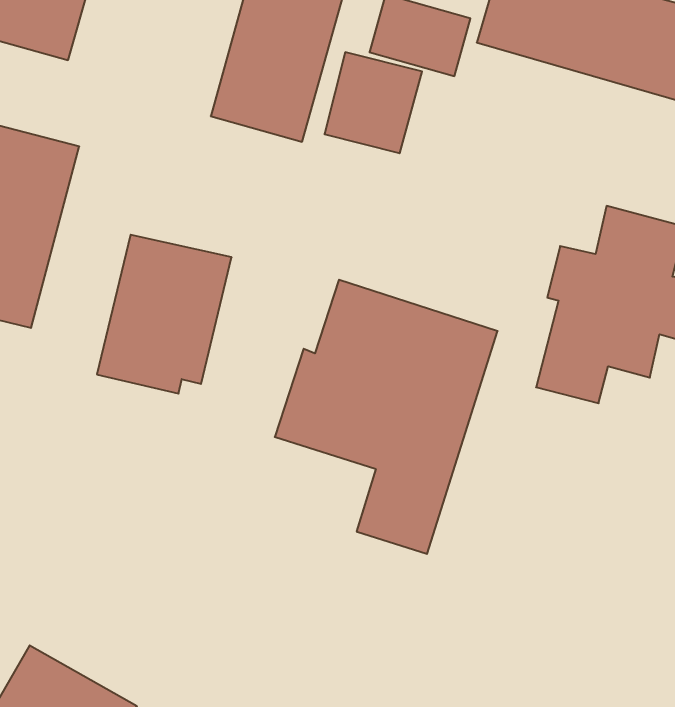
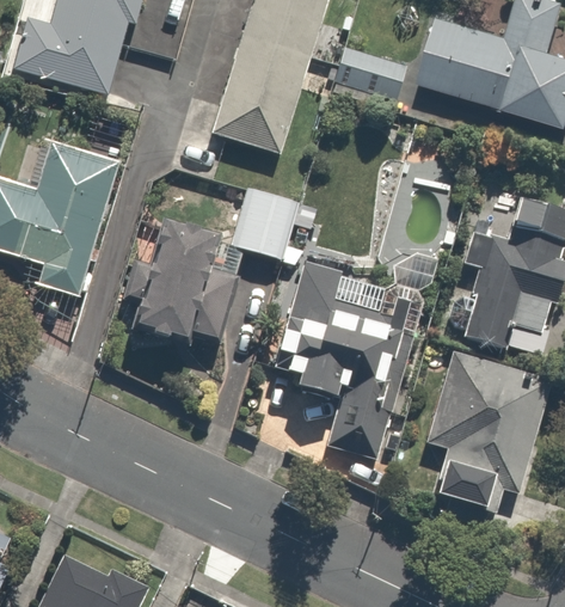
building: [324,52,422,153] -> [232,186,305,262]
building: none -> [426,362,551,517]

